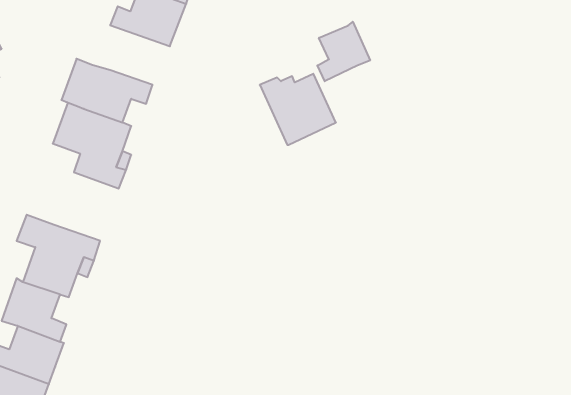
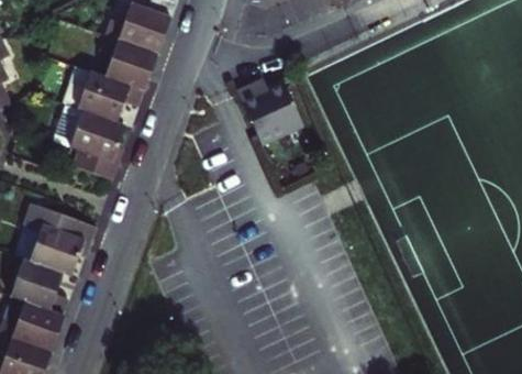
building: [317,22,370,81] -> none
building: none -> [100,34,158,88]

